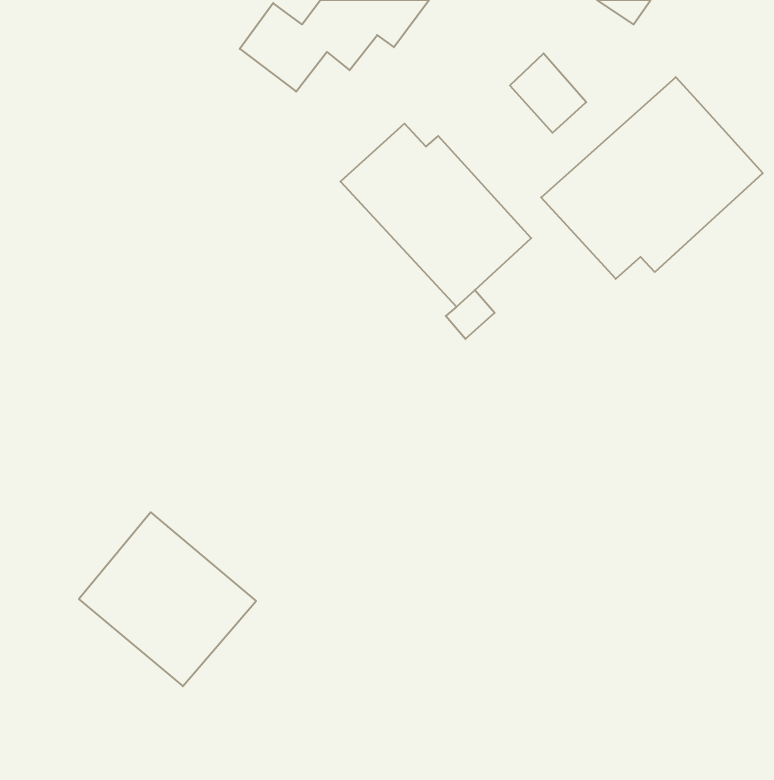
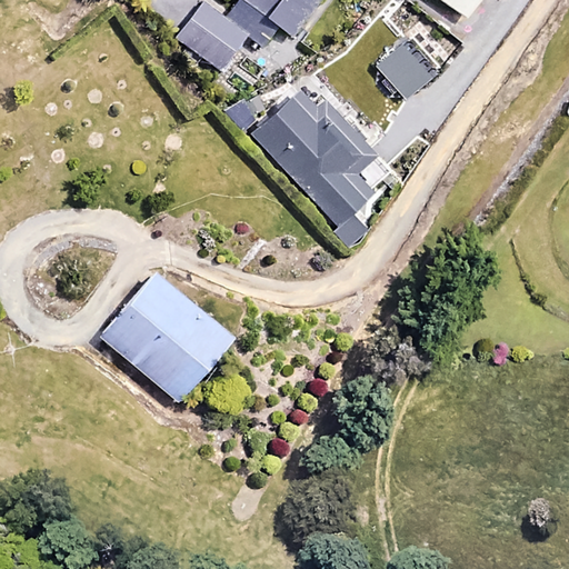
building: [541,77,763,279] -> none
building: [79,512,256,686] -> [102,273,231,400]

